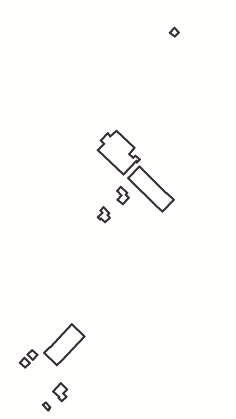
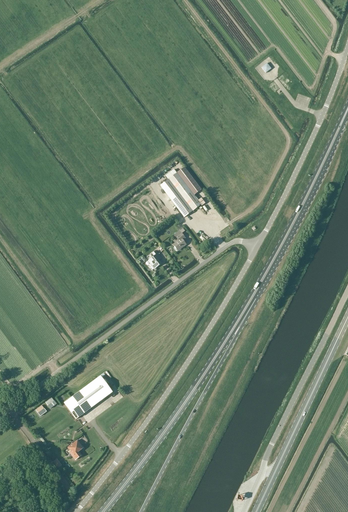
building: [128,167,174,211] -> none

